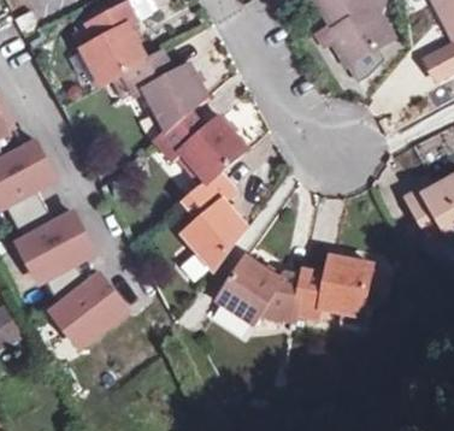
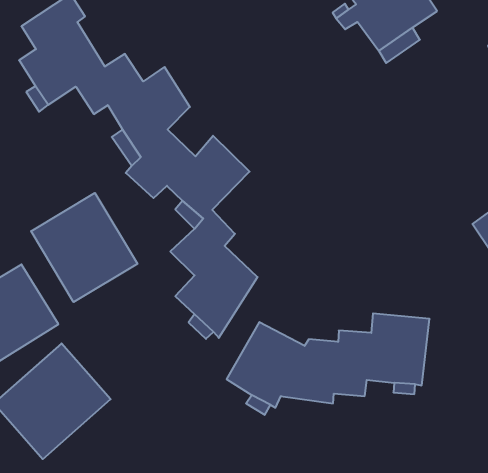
building: none -> [31,193,137,302]

